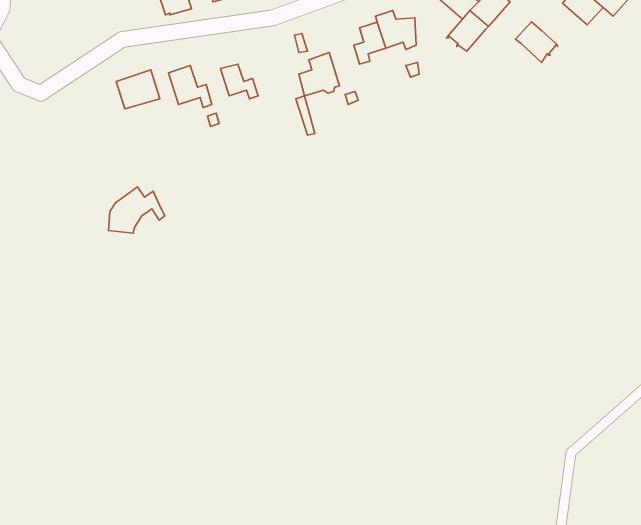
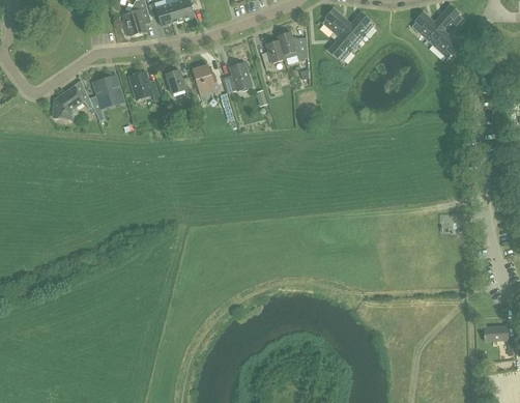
building: [515,22,557,63] -> [428,29,458,58]
building: none -> [192,64,220,94]
building: [108,187,165,233] -> [52,85,92,118]

